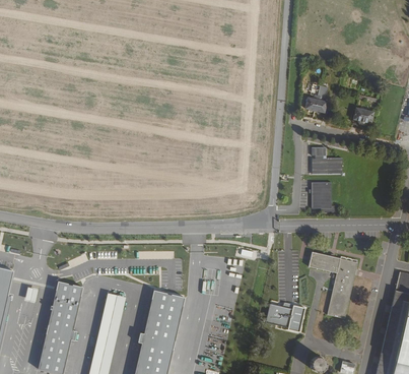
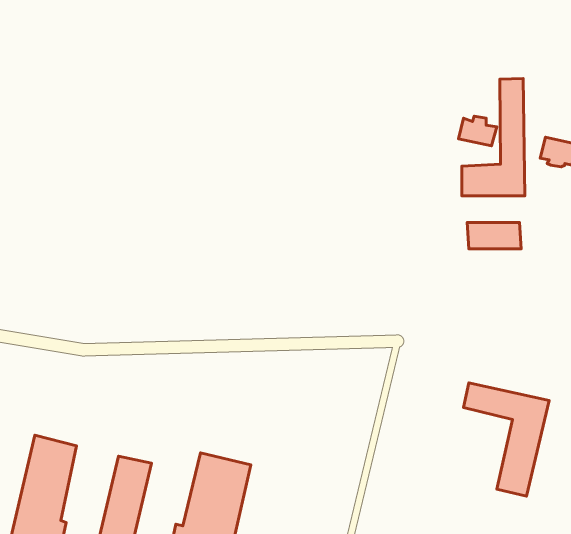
building: none -> [462,79,525,196]
building: [311,182,330,208] -> none
building: [266,304,305,331] -> none

